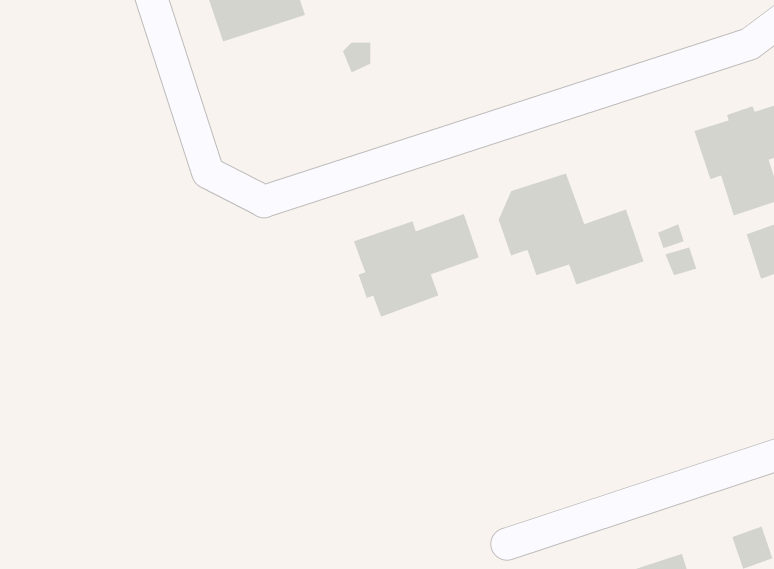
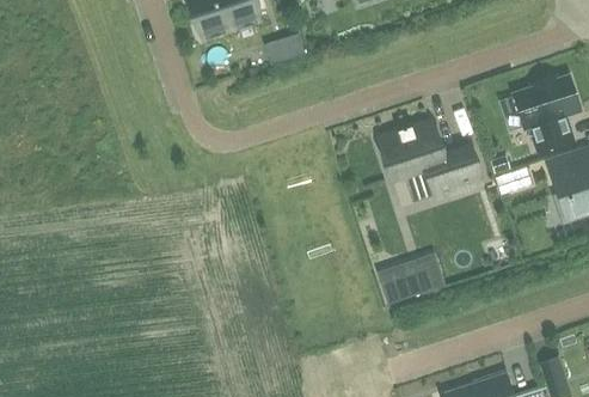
building: [353,213,479,318] -> none
building: none -> [376,259,444,301]

